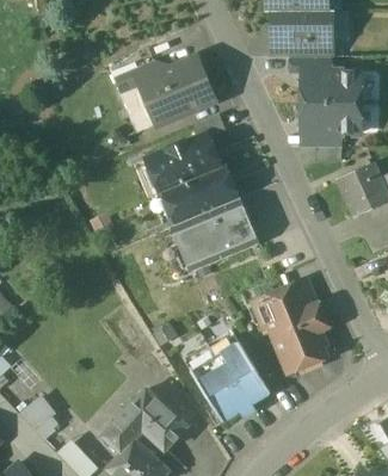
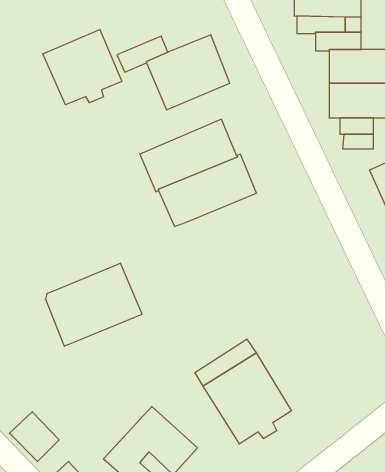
building: none -> [43,29,122,105]
building: [174,198,260,272] -> [45,263,142,346]
building: [254,280,326,370] -> none

